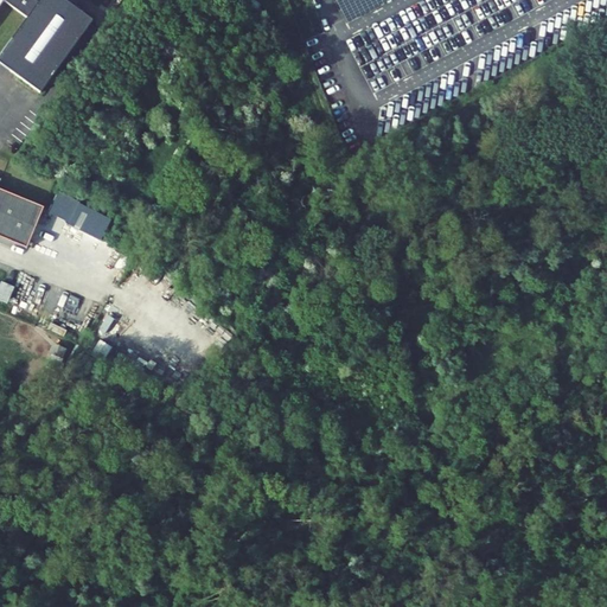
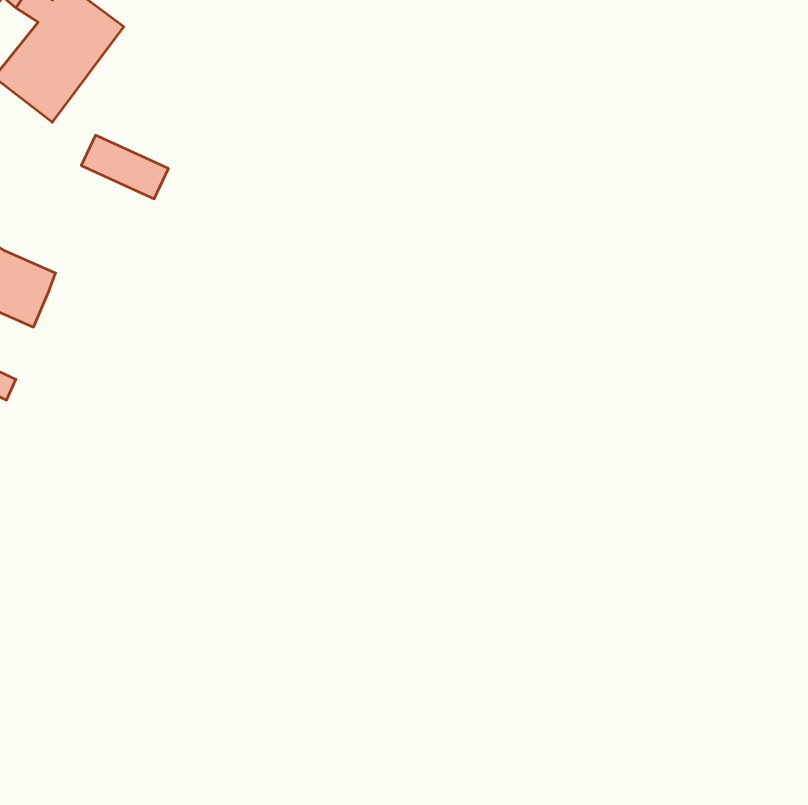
building: [45,190,110,237] -> [81,135,168,199]

